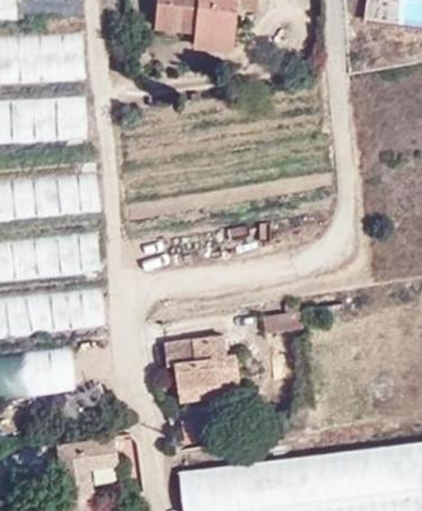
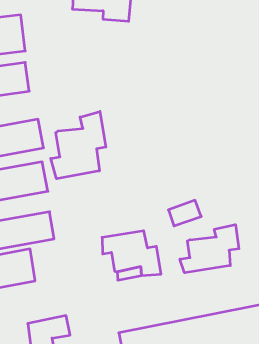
building: none -> [51,111,106,179]
building: none -> [180,225,239,273]

